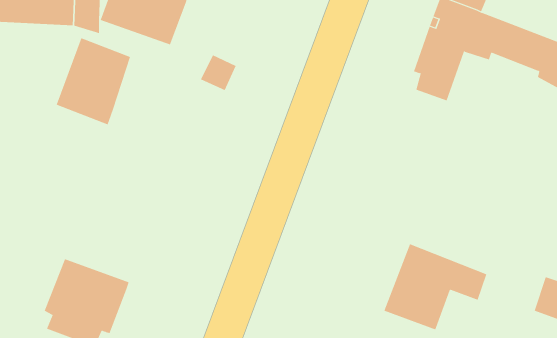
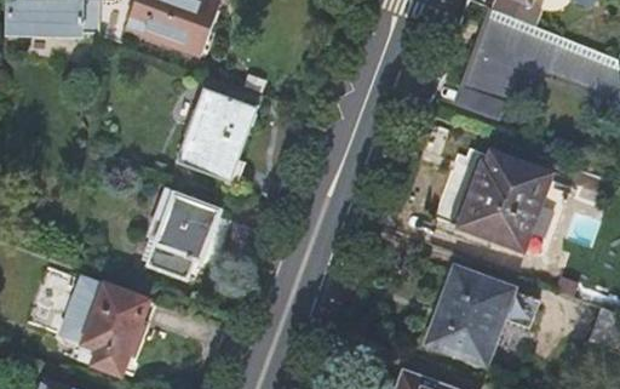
building: [56,38,131,125] -> [177,90,257,183]
building: none -> [436,144,550,248]
building: none -> [145,188,230,281]

